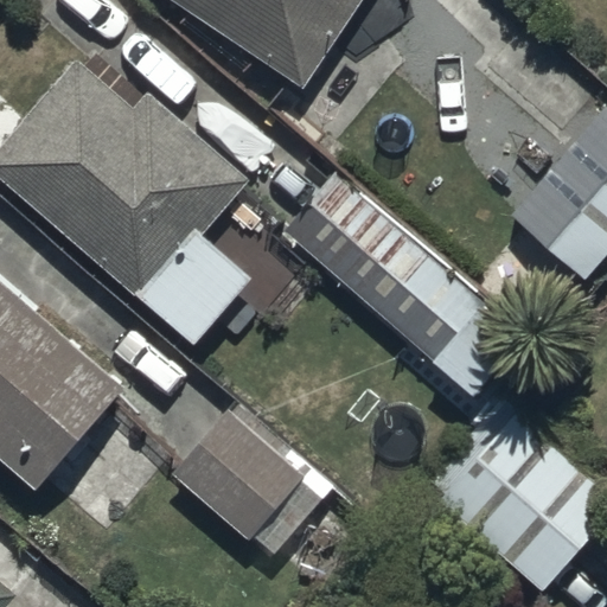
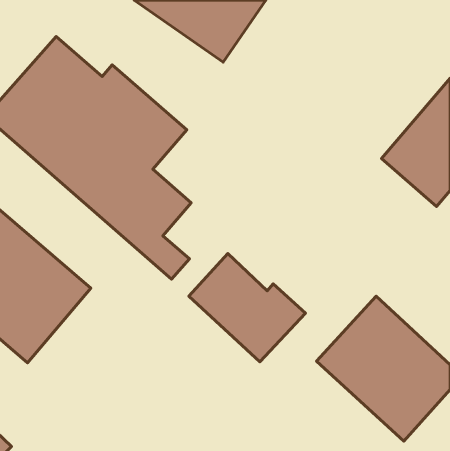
building: [285,173,526,396] -> none
building: [177,410,332,555] -> [189,253,305,362]

